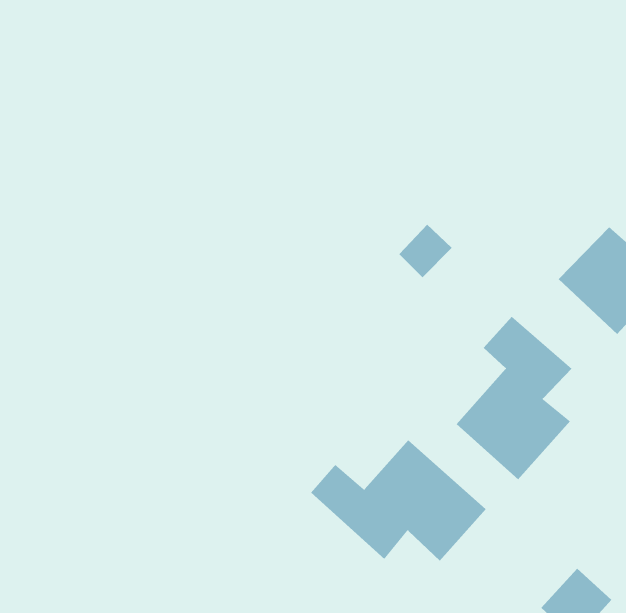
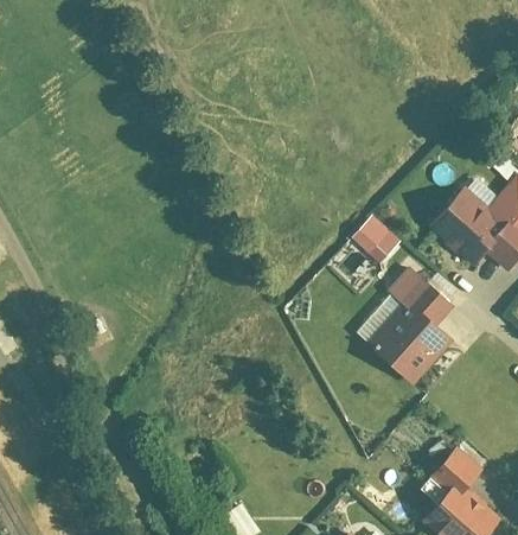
building: [398,224,453,278] -> [364,223,404,263]
building: [310,440,486,561] -> none

